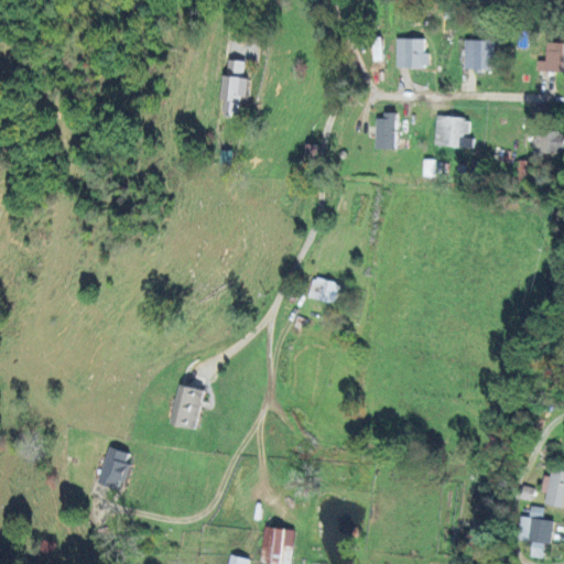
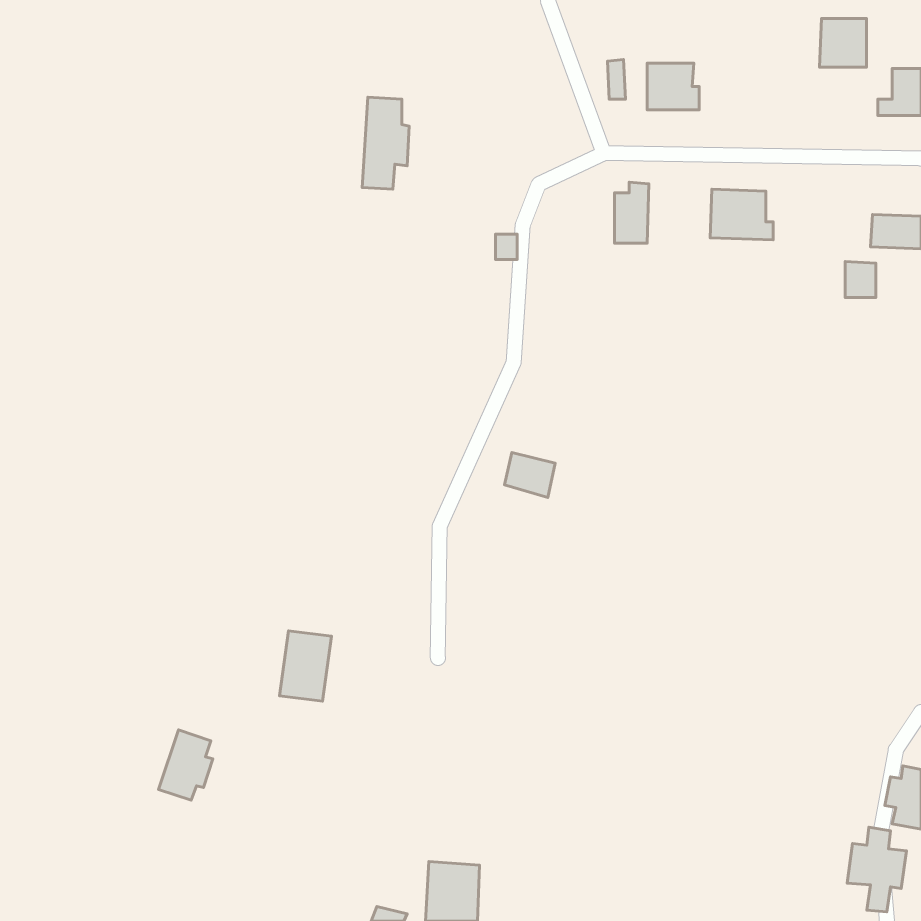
building: [464,40,492,69] -> [820,19,866,67]

